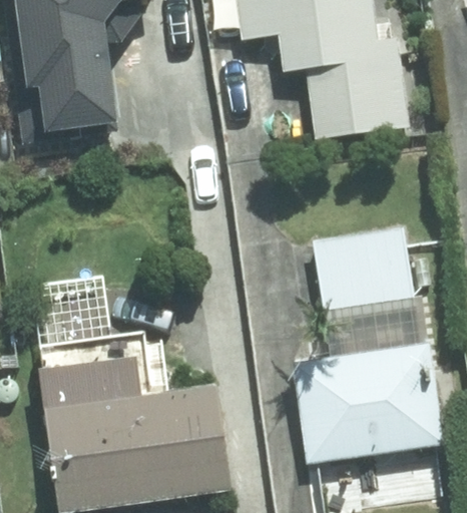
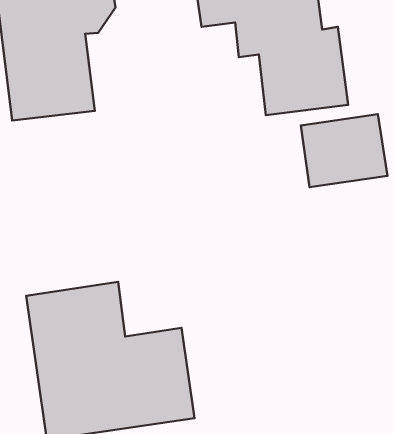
building: [314,225,414,310] -> [301,114,387,187]
building: [291,341,446,463] -> none

